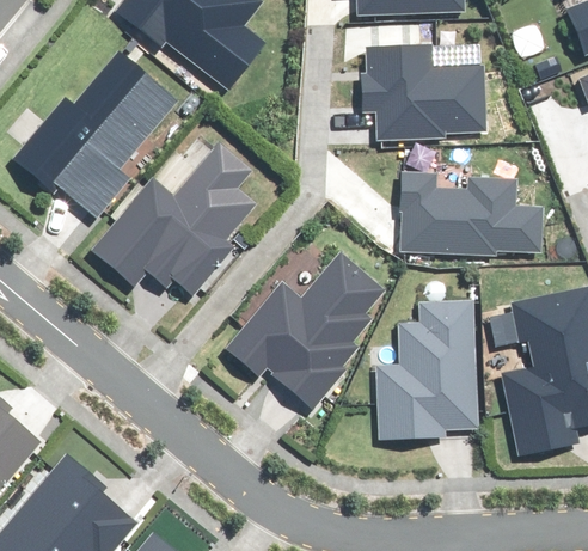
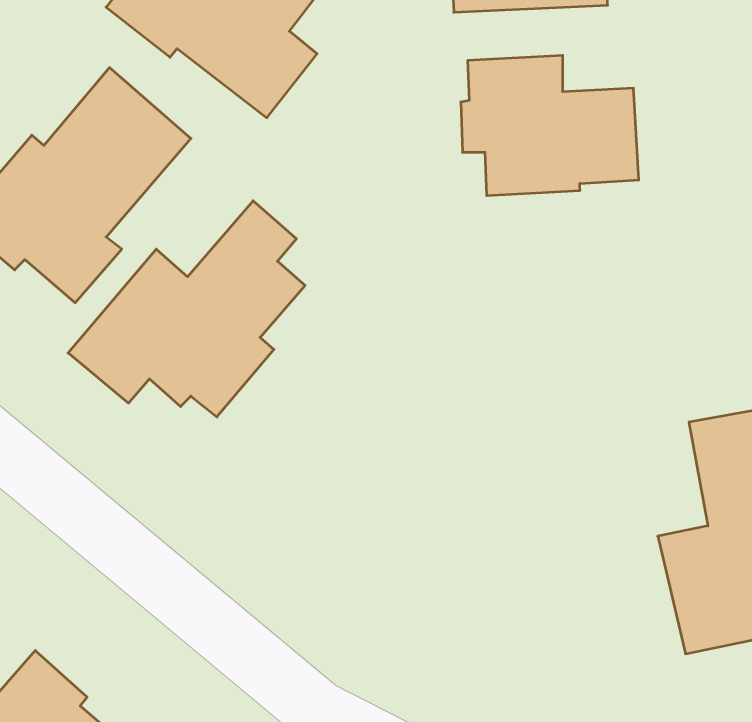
building: [402,176,543,253] -> none
building: [227,255,382,404] -> none
building: [378,300,476,436] -> none

